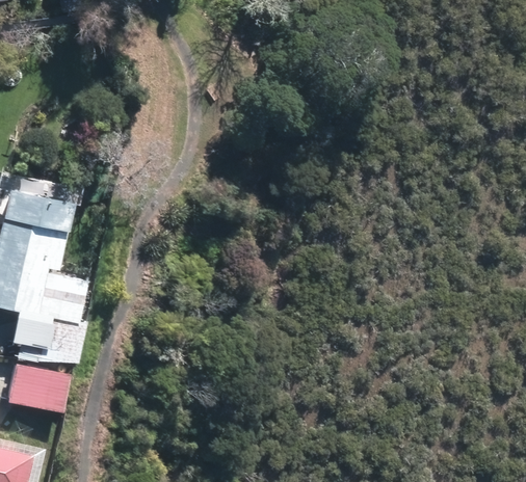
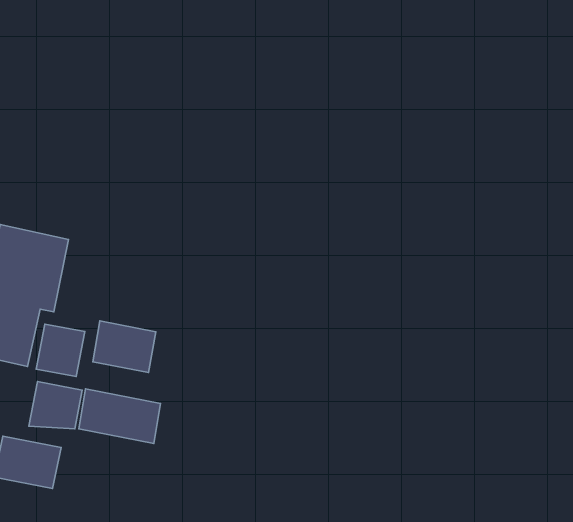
building: none -> [93,321,156,373]
building: none -> [79,389,161,444]

